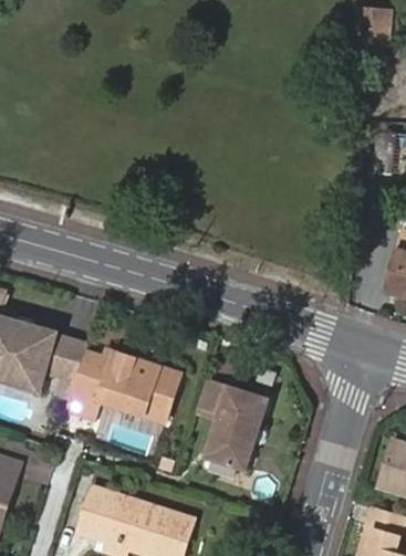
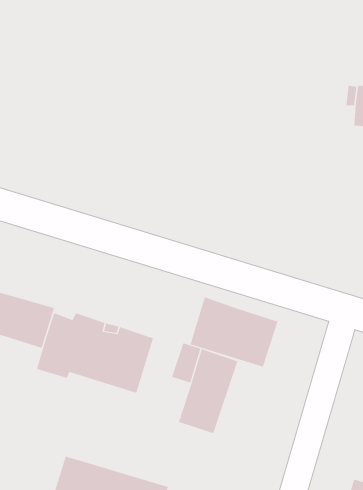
building: none -> [190,296,278,367]

